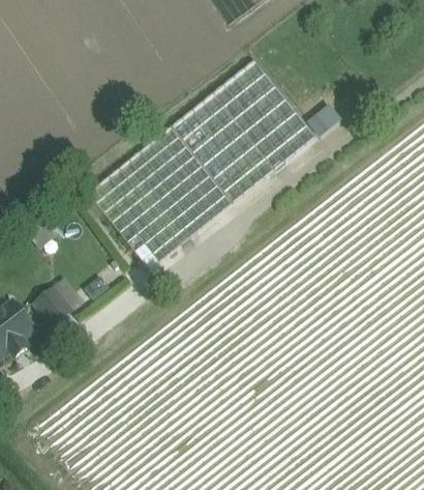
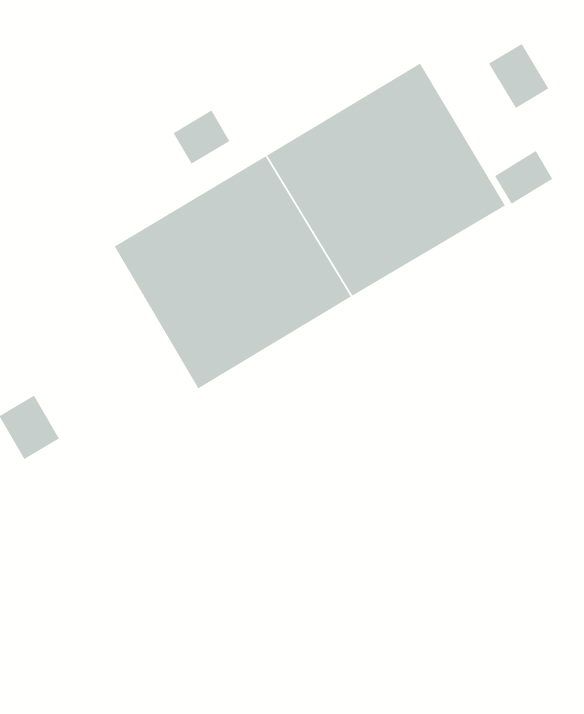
building: none -> [488,43,549,109]
building: none -> [173,110,230,165]

